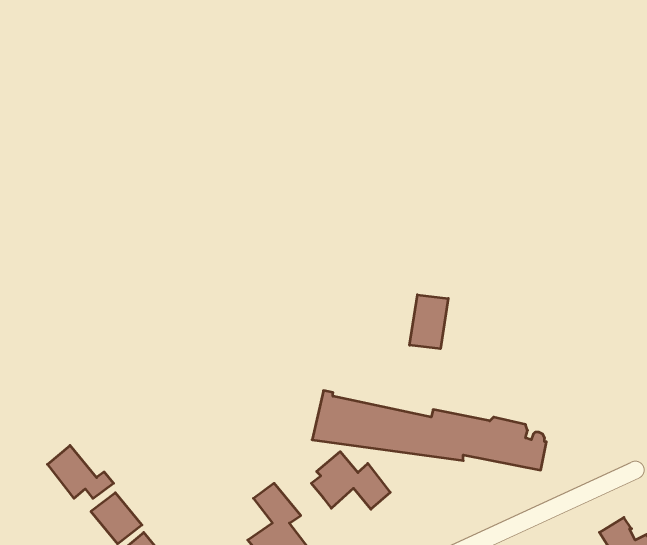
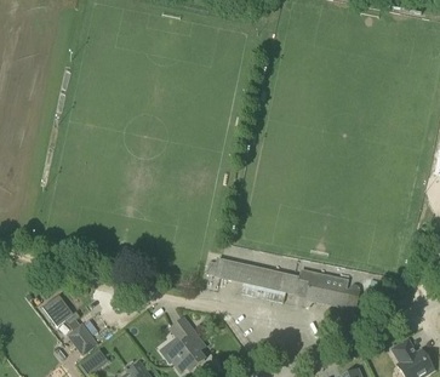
building: [410,295,448,349] -> none
building: [311,452,390,509] -> none

